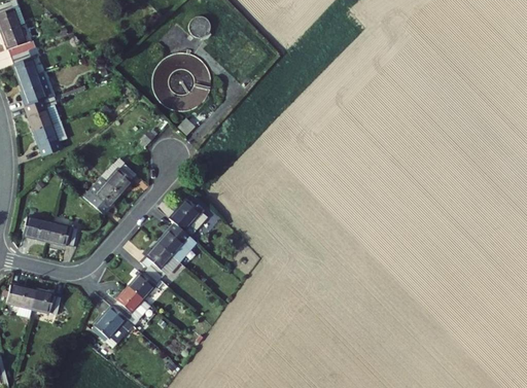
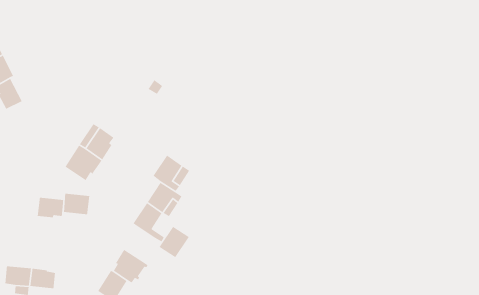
building: [32,117,66,153] -> none
building: [24,214,54,240] -> [63,193,90,215]
building: [132,266,165,298] -> [159,226,190,258]

